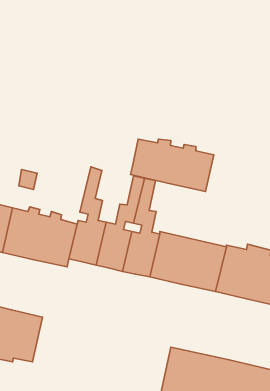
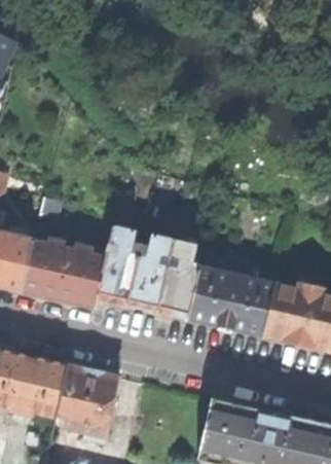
building: [131,139,214,191] -> none
building: none -> [54,363,119,435]

